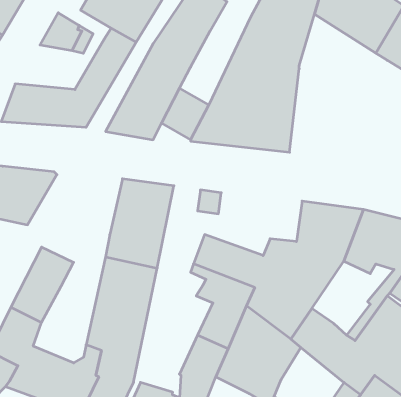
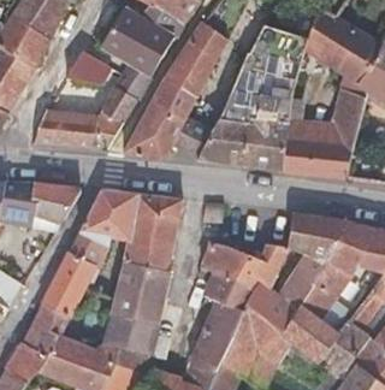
building: none -> [283,87,366,178]
building: none -> [69,189,138,288]
building: none -> [302,264,353,318]

